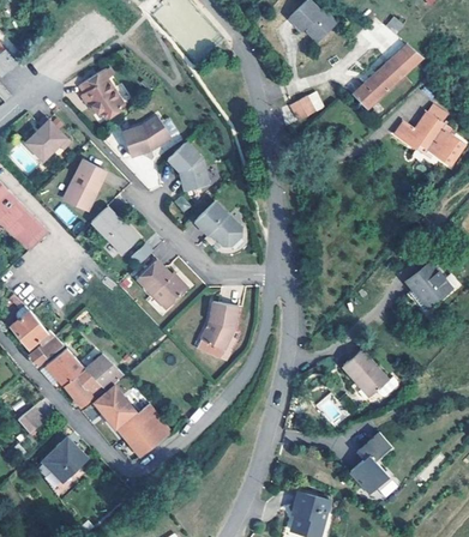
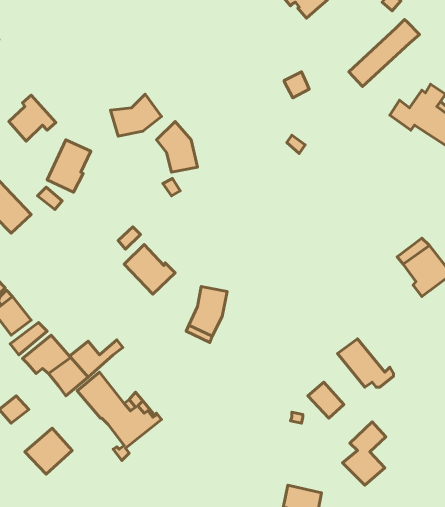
building: [78,70,124,120] -> none
building: [194,201,242,246] -> none
building: [90,206,139,254] -> none

